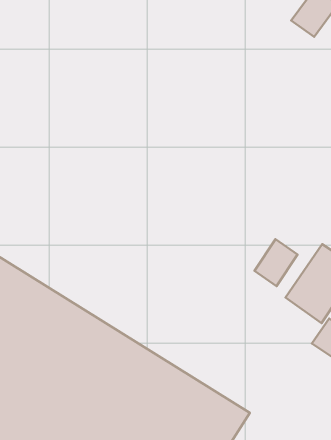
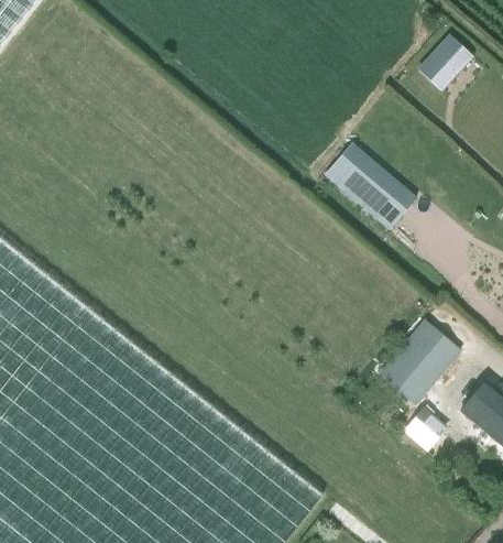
building: none -> [322,143,414,229]
building: [254,239,298,286] -> none

